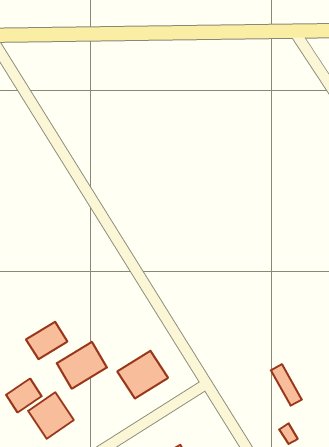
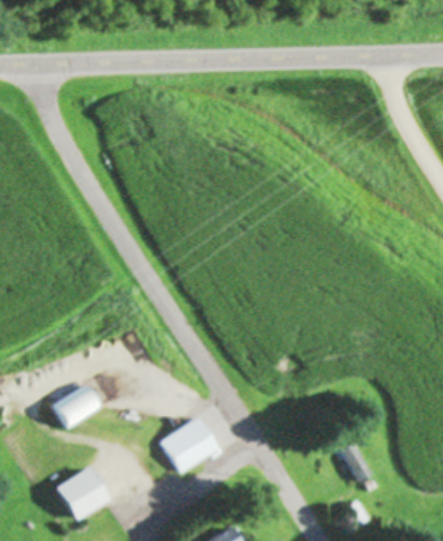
building: [57,342,107,389] -> none
building: [6,379,42,412] -> none

